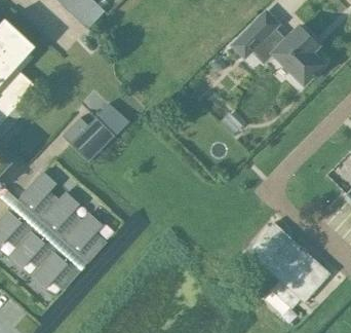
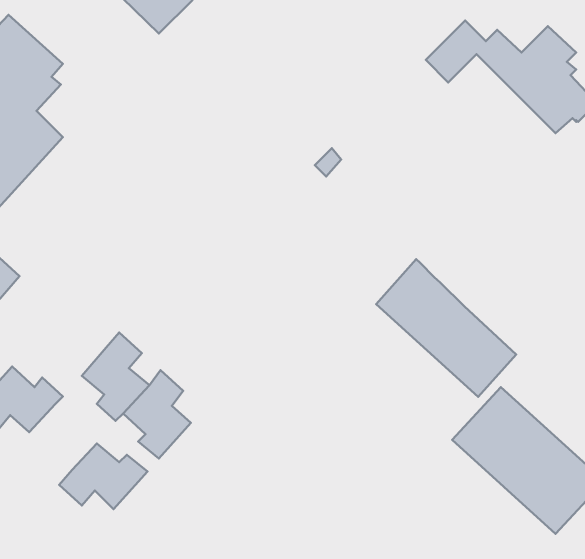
building: [63,103,128,161] -> none
building: none -> [376,259,516,397]
building: [23,173,59,221] -> none
building: [10,232,57,268] -> none

